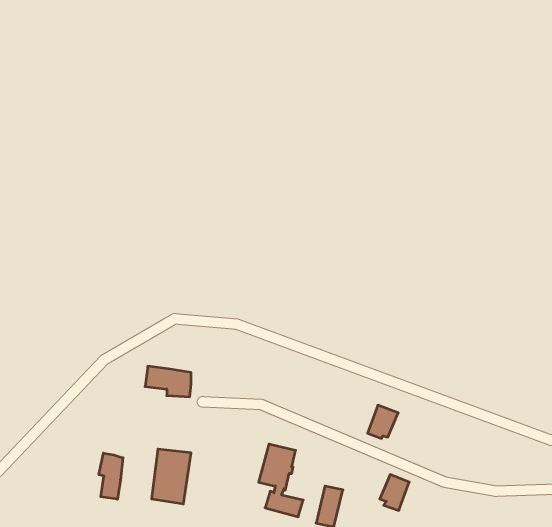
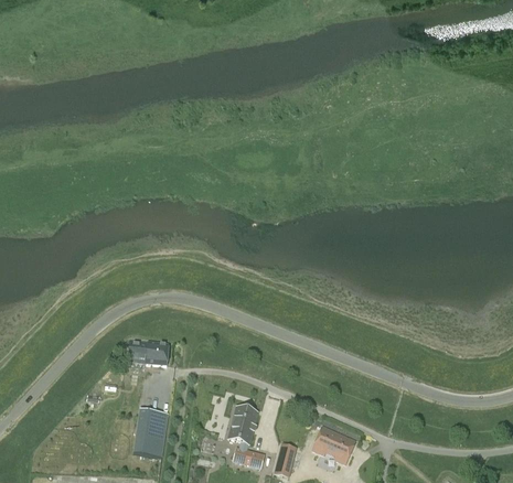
building: [368,405,398,438] -> [313,426,340,454]
building: [99,453,123,499] -> none

